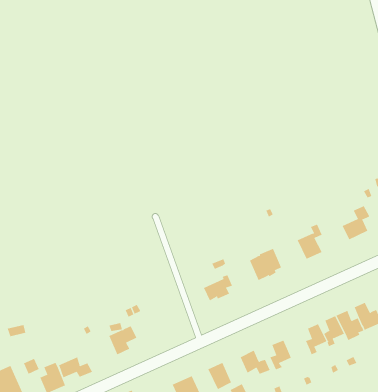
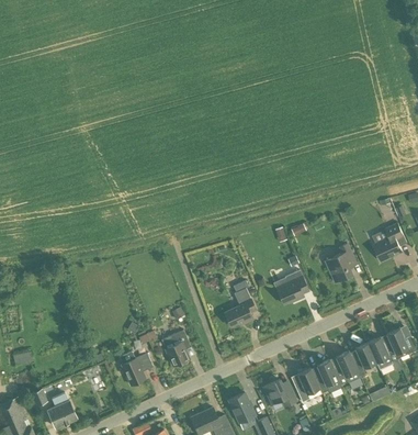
building: none -> [161,330,190,366]
building: none -> [315,359,338,393]
building: [58,356,93,378] -> none

